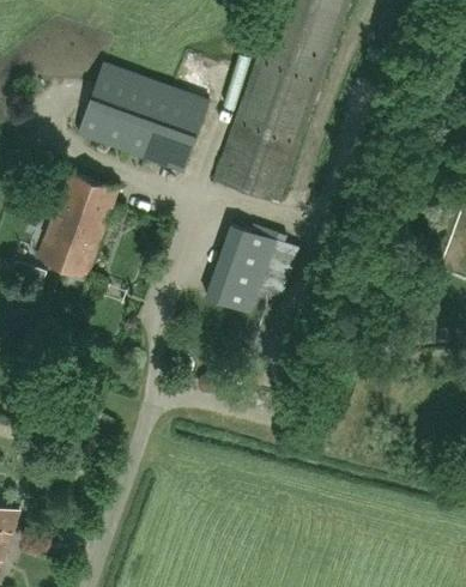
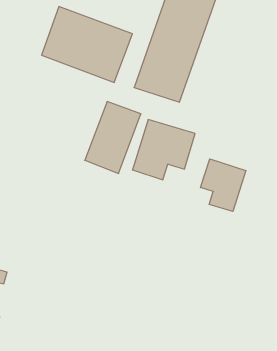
building: [36,171,117,276] -> [85,102,141,173]
building: none -> [201,159,246,211]

